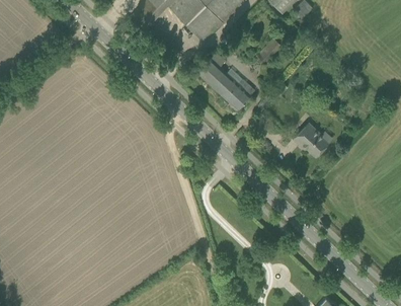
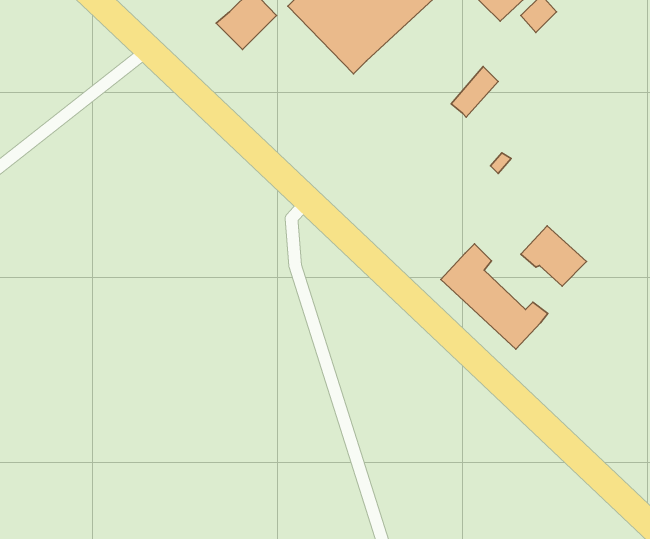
building: [196,54,254,110] -> [441,244,548,349]

